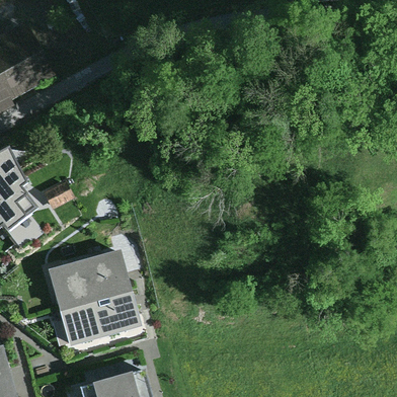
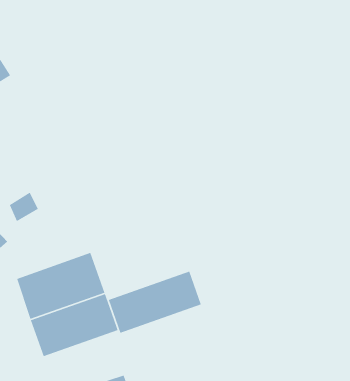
building: none -> [108,271,202,334]

